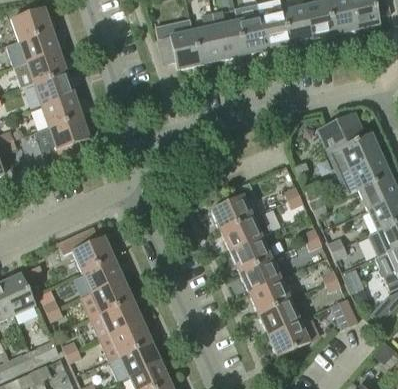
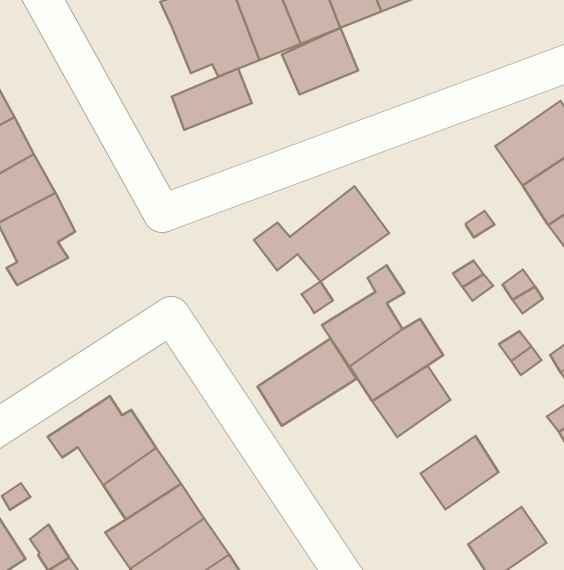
building: none -> [282,28,358,94]
building: none -> [172,69,252,130]
building: none -> [254,186,389,282]
building: none -> [257,338,357,426]
building: [240,258,281,294] -> none
building: [259,300,299,335] -> none

